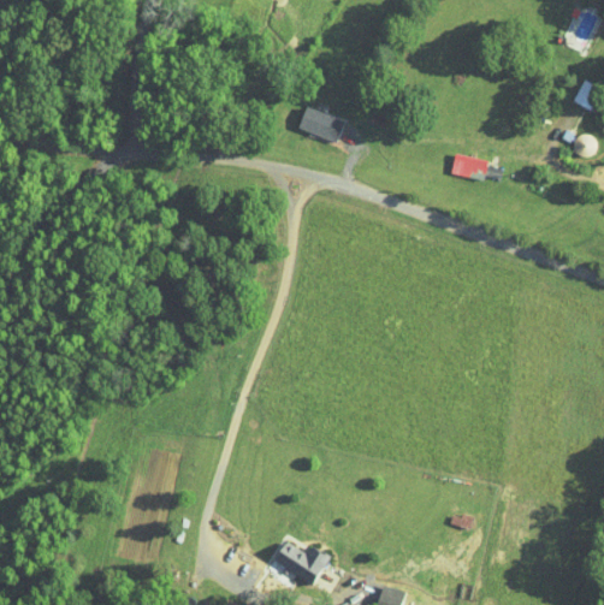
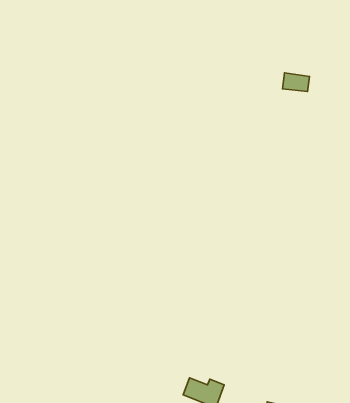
building: [297,107,344,143] -> none

